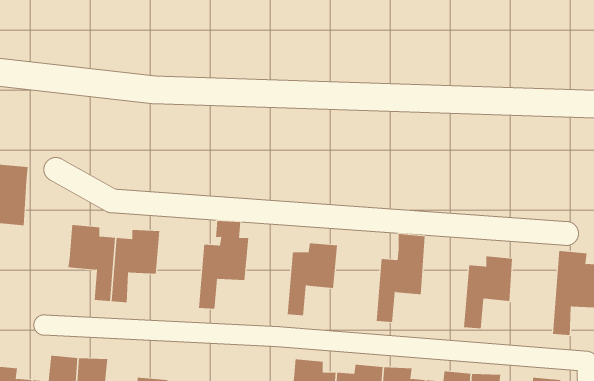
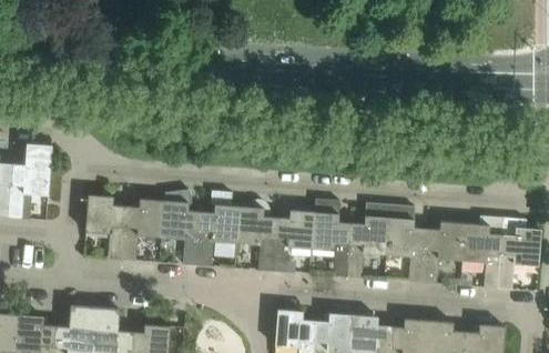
building: none -> [160,189,200,265]
building: none -> [235,199,275,271]
building: none -> [311,199,350,276]
building: none -> [385,204,425,282]
building: none -> [460,215,501,288]

